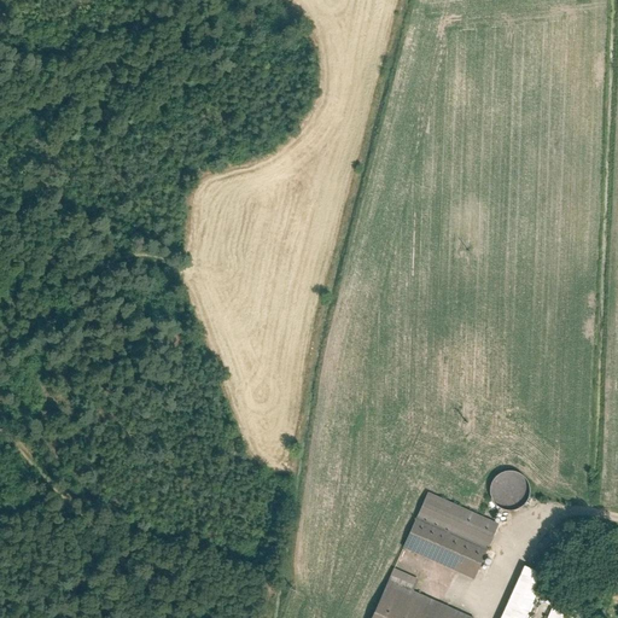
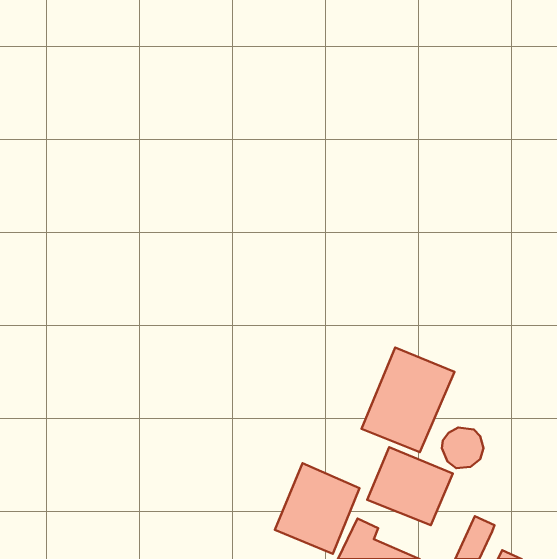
building: none -> [362,348,454,452]
building: none -> [275,463,360,554]

